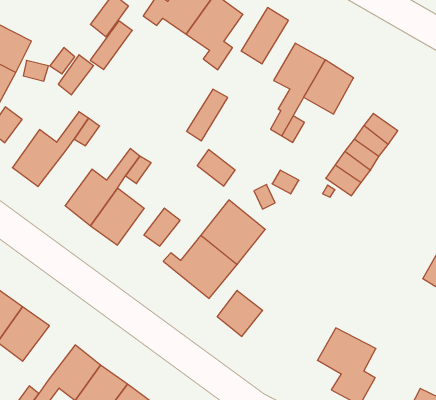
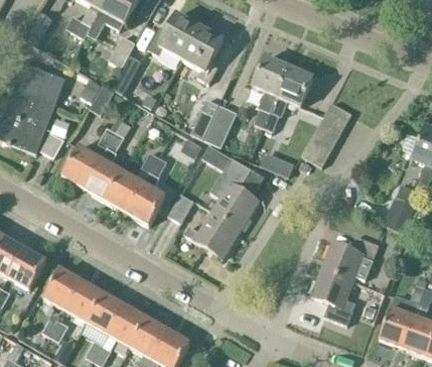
building: [241,8,288,64] -> [204,104,238,147]
building: none -> [84,157,123,200]
building: none -> [322,235,379,280]
building: [217,290,263,337] -> none
building: none -> [88,292,126,334]

